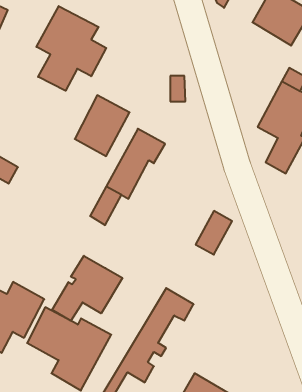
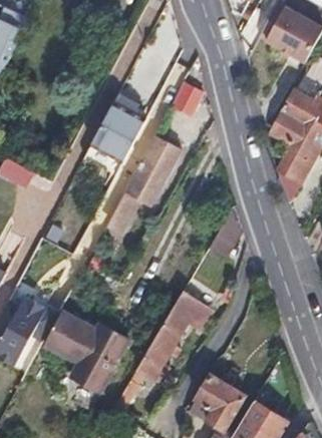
building: [36,6,106,91] -> none
building: [52,256,122,321] -> none

